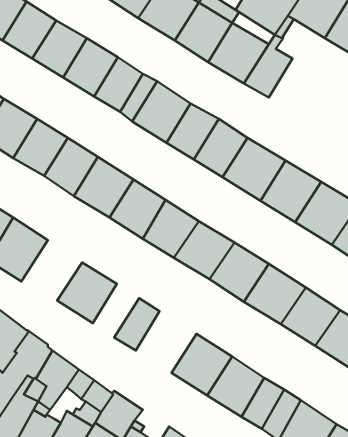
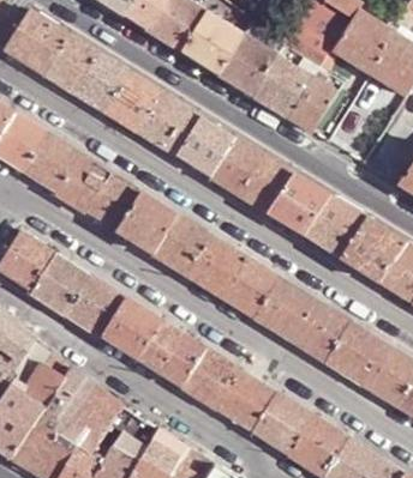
building: none -> [66,276,126,337]
building: none -> [137,320,184,374]
building: none -> [180,347,241,410]

